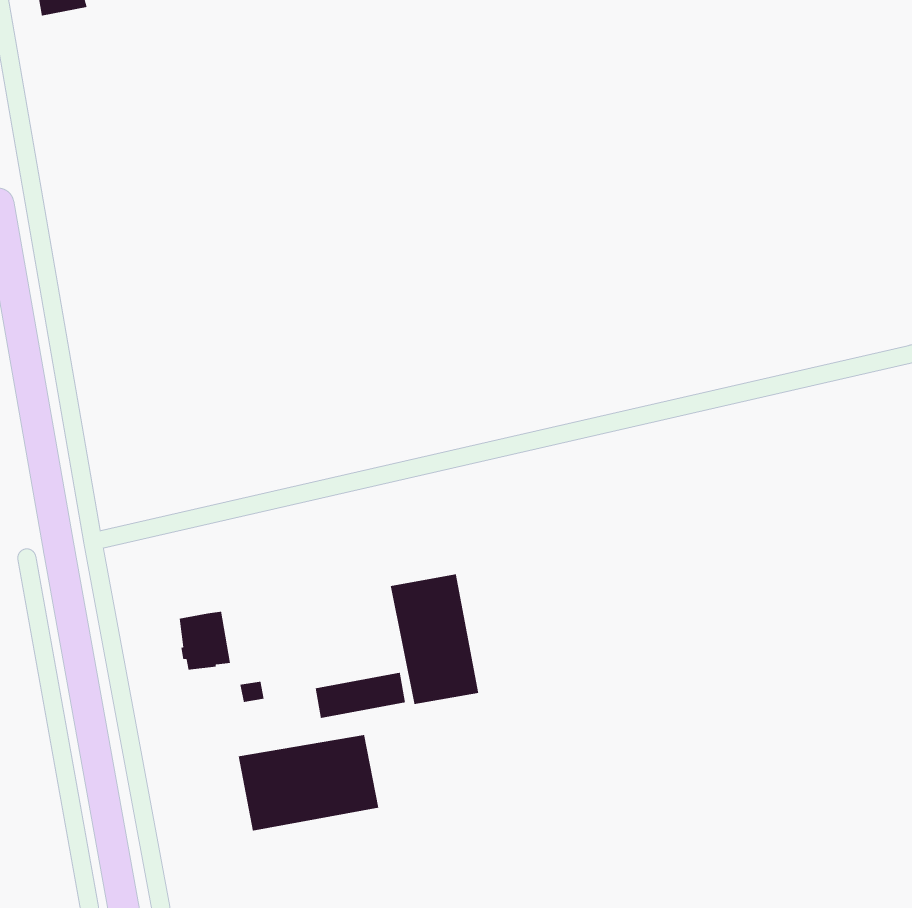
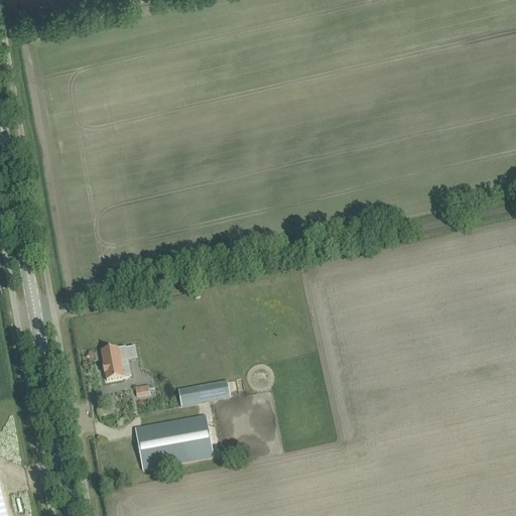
building: [390,574,479,705] -> none

